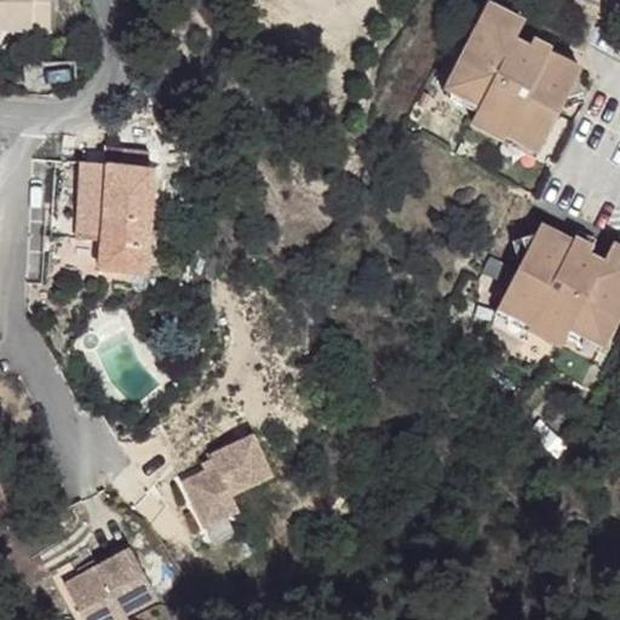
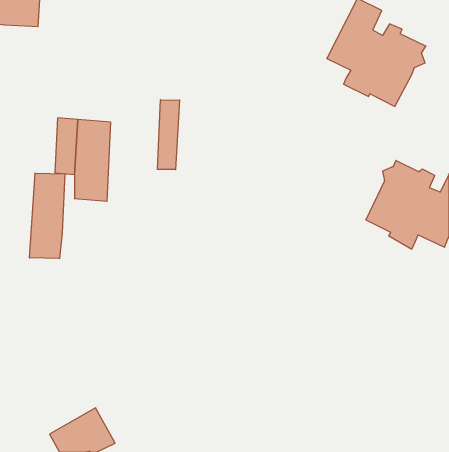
building: none -> [157,100,180,170]
building: none -> [30,173,65,259]
building: [182,441,271,535] -> none

